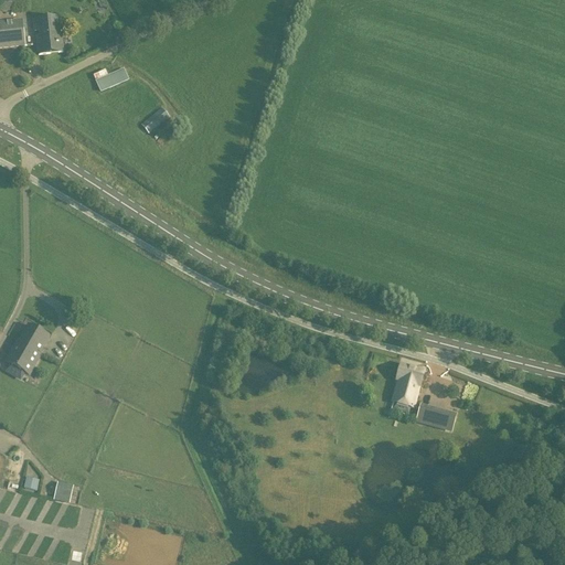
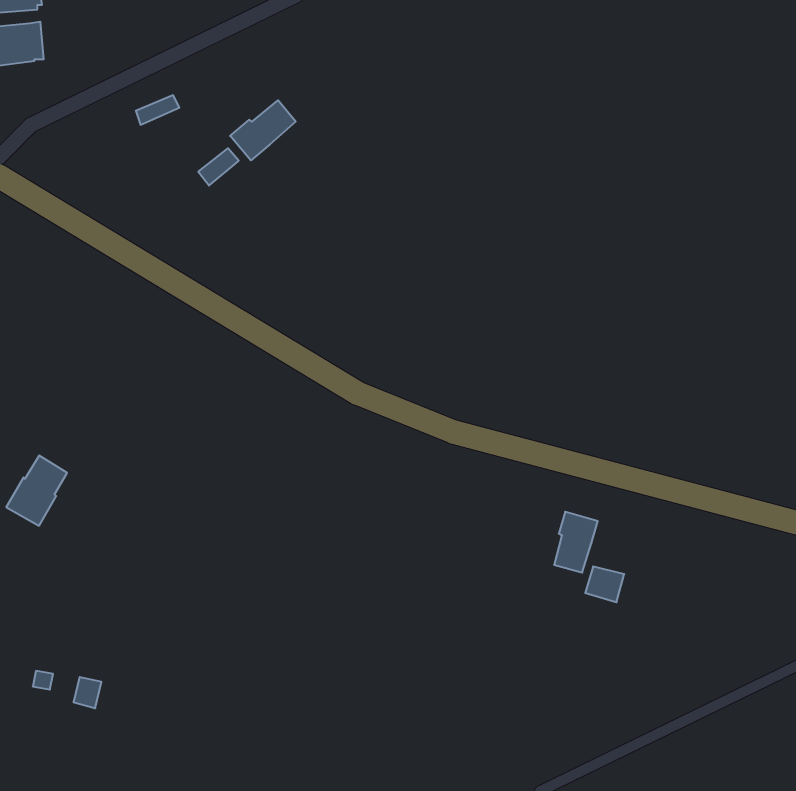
building: [32,14,62,52] -> none
building: none -> [230,100,296,160]

